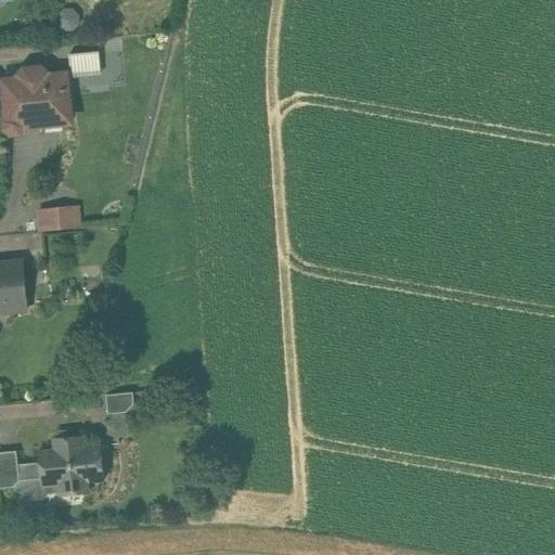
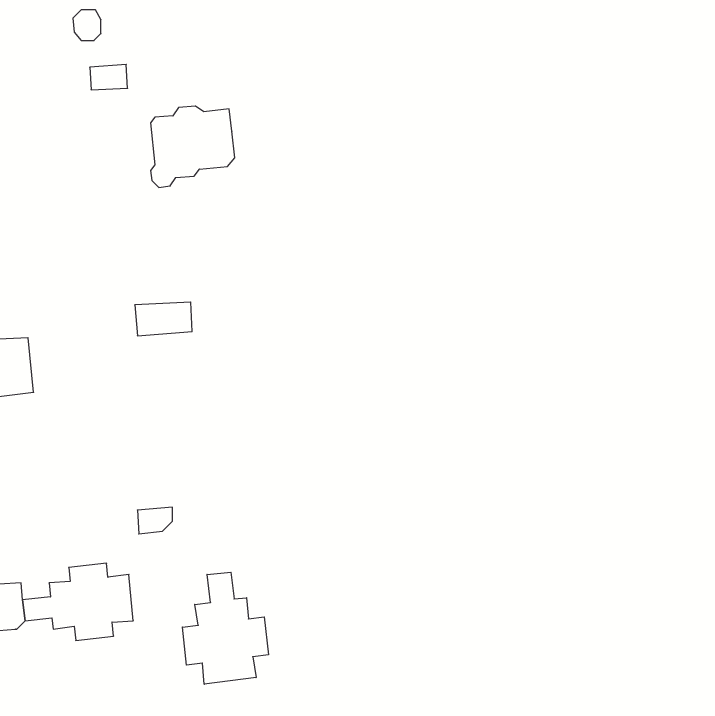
building: [4,72,69,134] -> [151,106,235,187]
building: [36,203,80,229] -> [135,302,192,336]
building: none -> [182,572,268,684]

